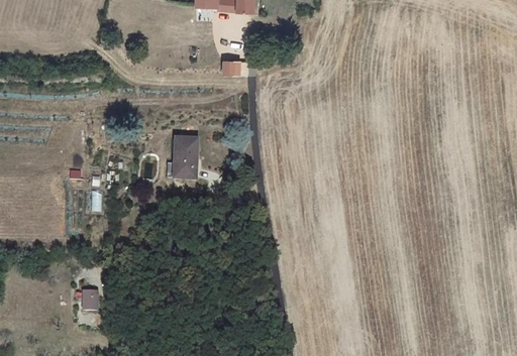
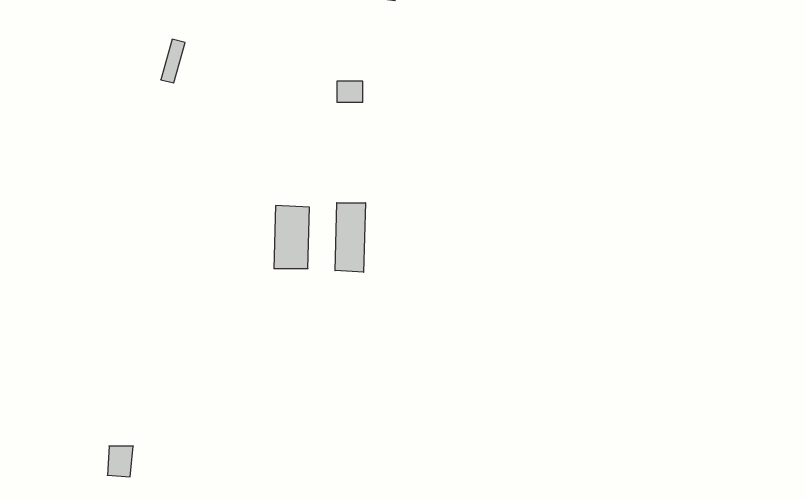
building: none -> [335,203,365,272]

